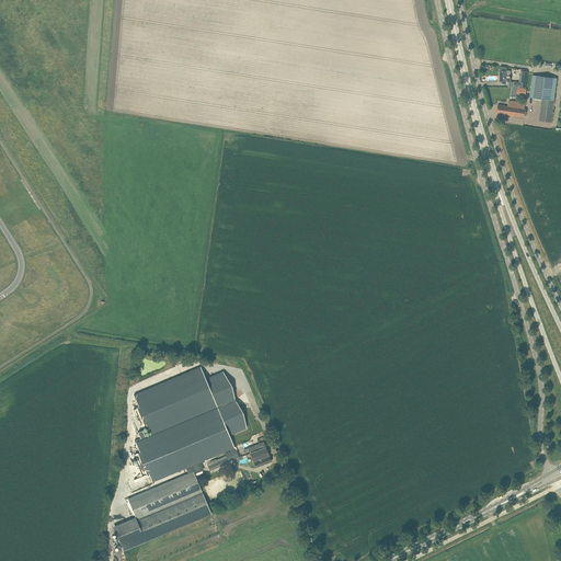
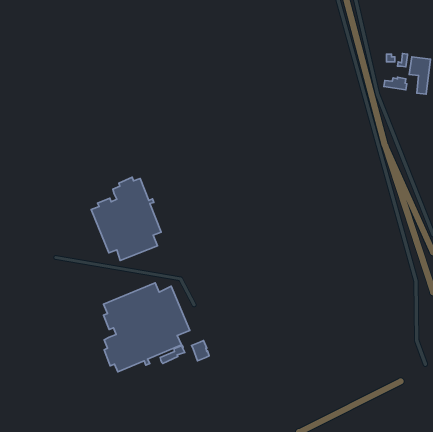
building: none -> [91,177,161,260]
building: [112,470,211,550] -> none

